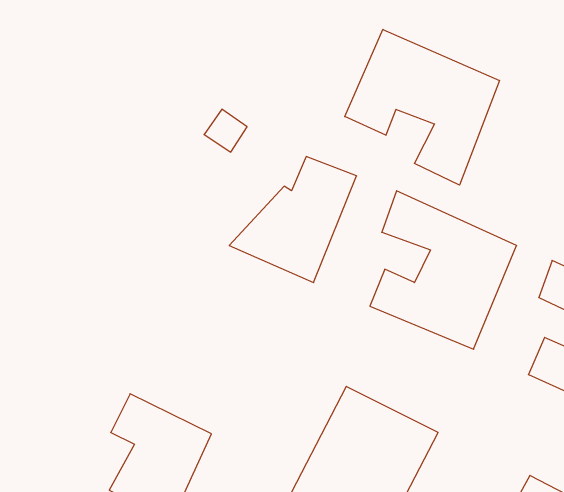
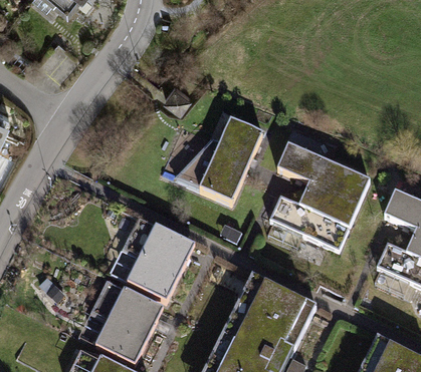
building: [345,29,499,185] -> none
building: none -> [122,222,192,304]

